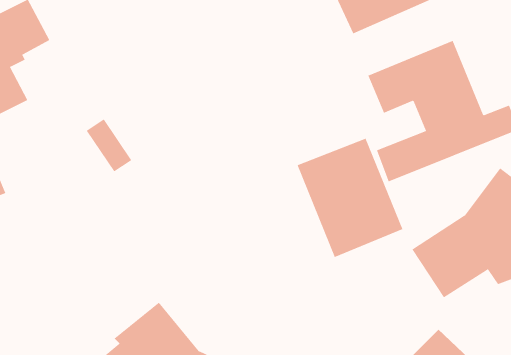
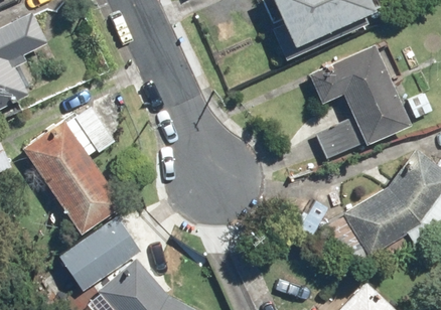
building: none -> [22,119,123,237]
building: [297,138,403,258] -> none
building: none -> [58,218,140,292]

